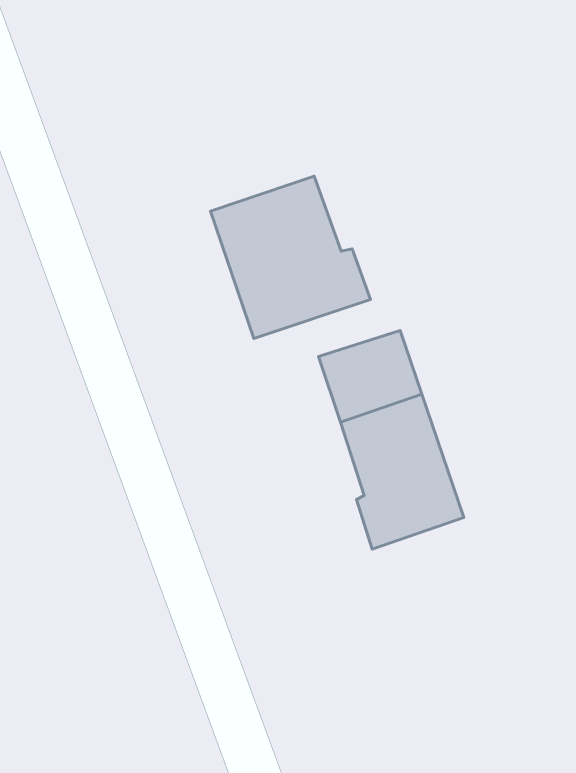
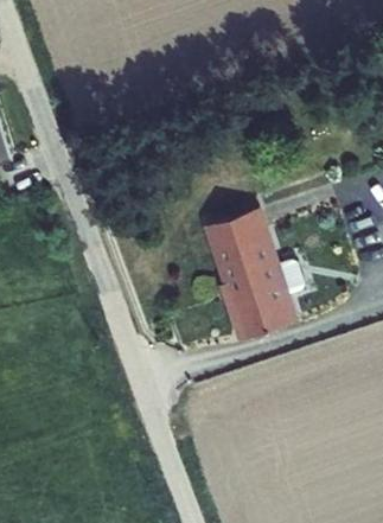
building: [210,176,371,338] -> none

